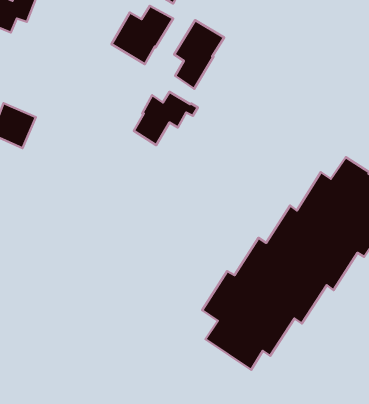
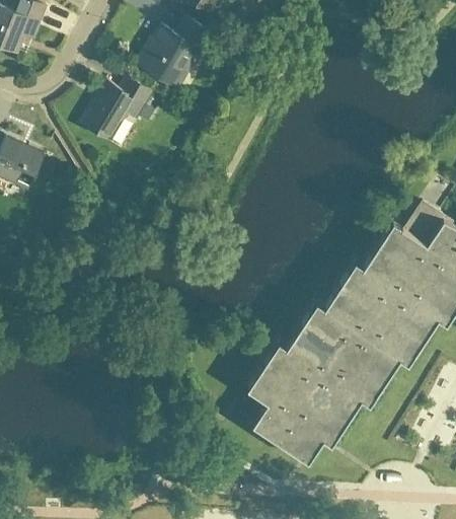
building: [174,20,224,89] -> none
building: [134,92,198,145] -> [82,78,160,143]

